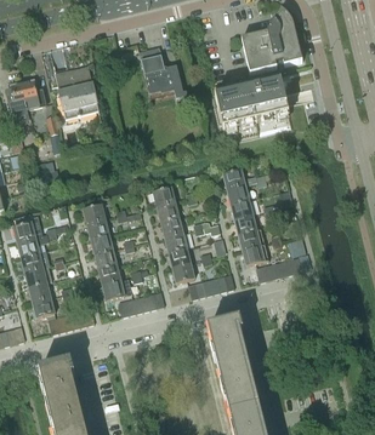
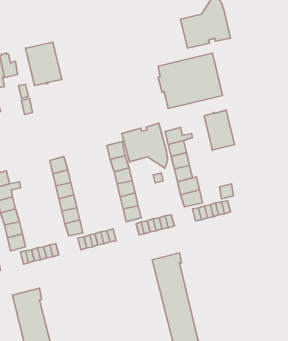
building: [138,46,187,98] -> none
building: none -> [204,110,234,150]
building: none -> [122,123,168,168]

